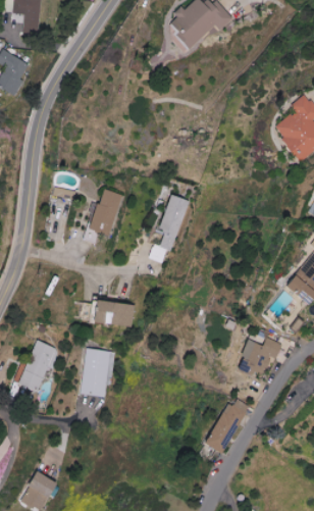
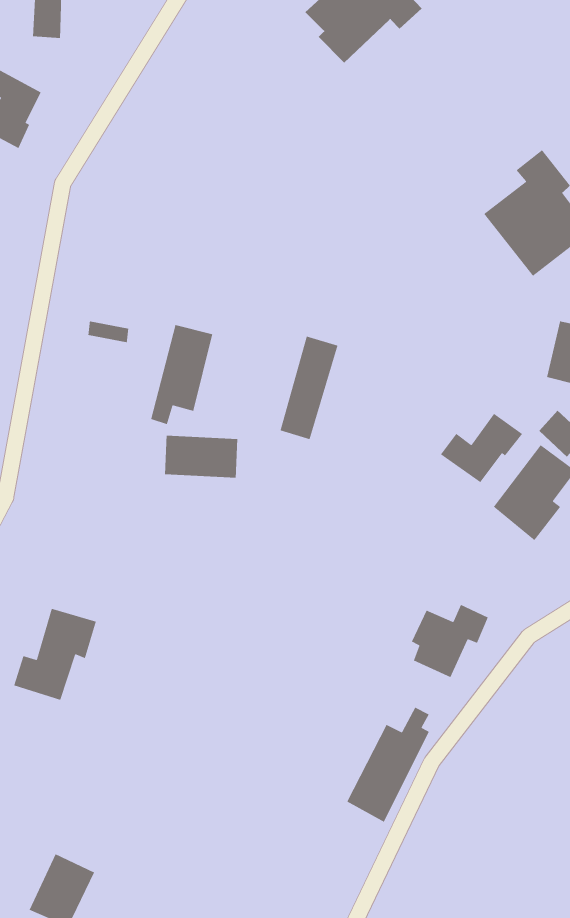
building: none -> [440,413,523,483]
building: [95,302,135,325] -> [164,435,238,479]
building: [83,349,113,396] -> none

